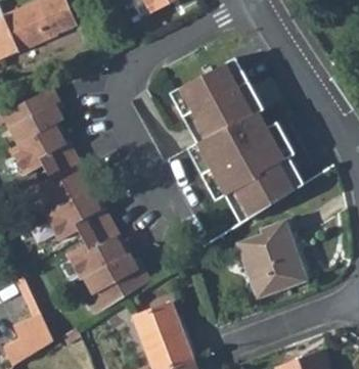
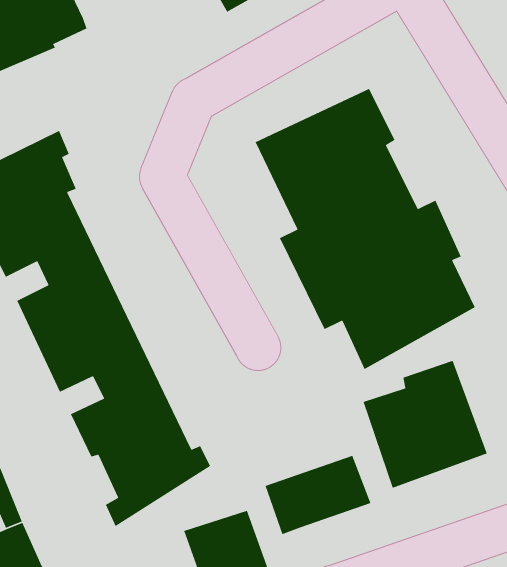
building: none -> [264,455,372,535]

